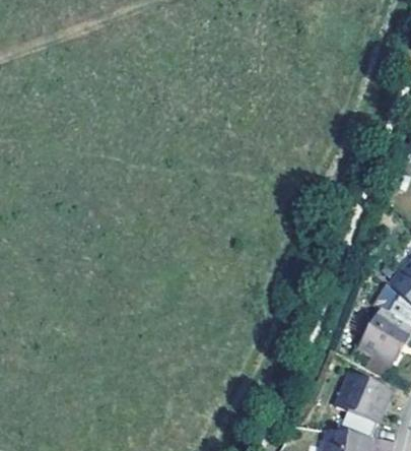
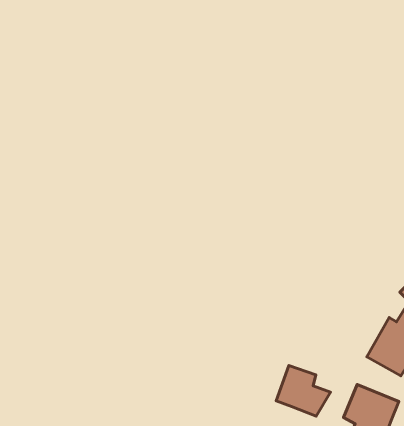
building: none -> [276,365,331,416]

